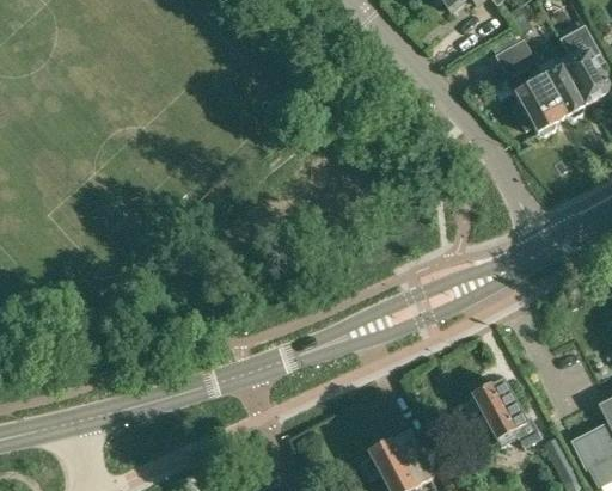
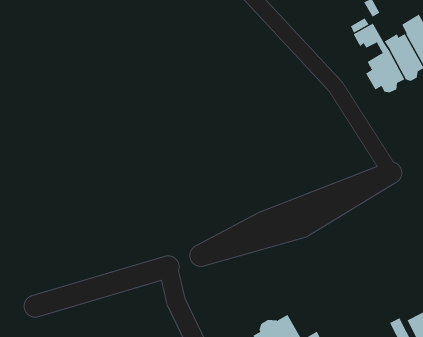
building: [463,381,541,447] -> none

